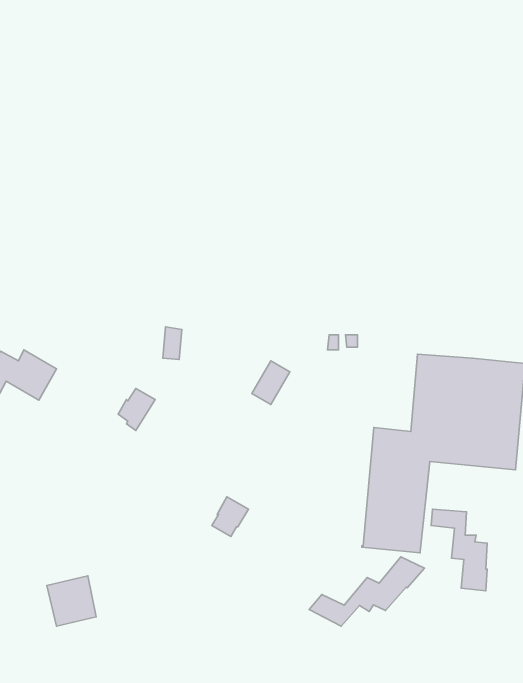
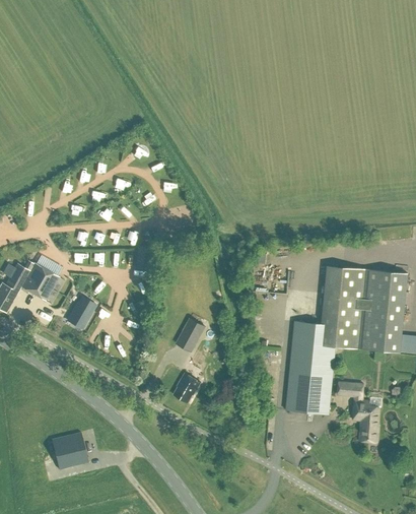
building: [252,361,290,404] -> [177,319,205,351]
building: [118,388,155,431] -> [69,298,96,329]
building: [309,557,424,626] -> none

